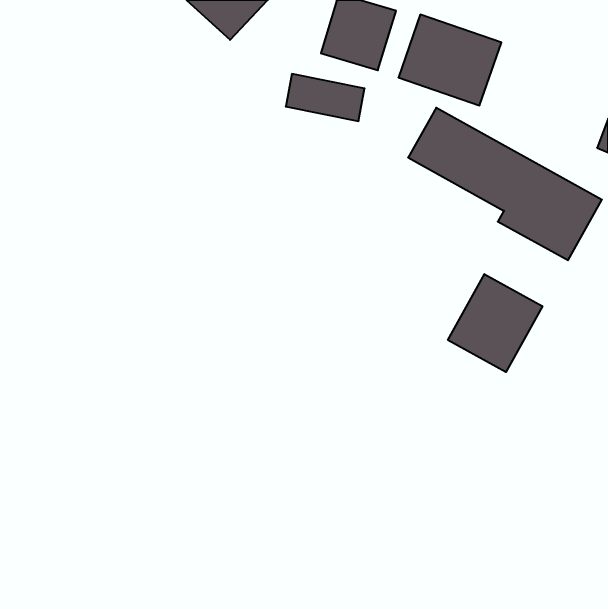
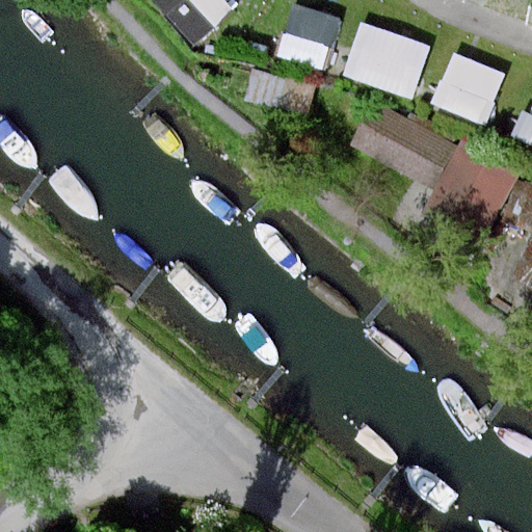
building: none -> [430,50,506,126]
building: [448,274,542,372] -> none

